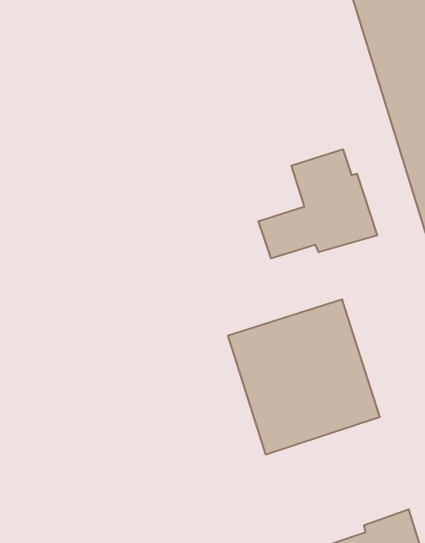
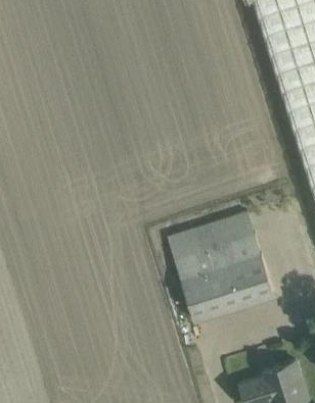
building: [258,149,377,258] -> none

